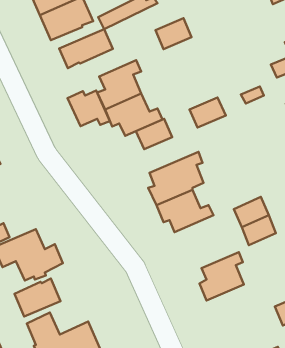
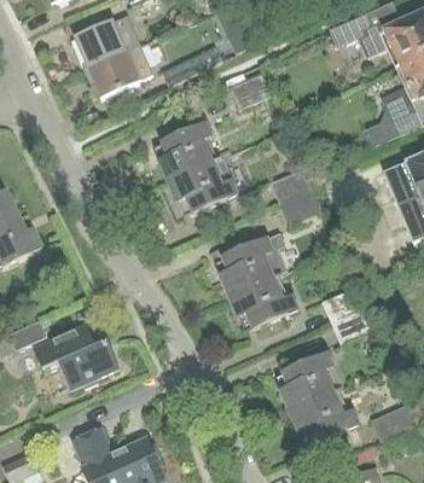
building: [59,29,113,68] -> none
building: [67,90,110,126] -> none
building: [136,119,172,149] -> [278,188,321,225]
building: [14,279,60,316] -> none
building: none -> [289,391,358,442]

